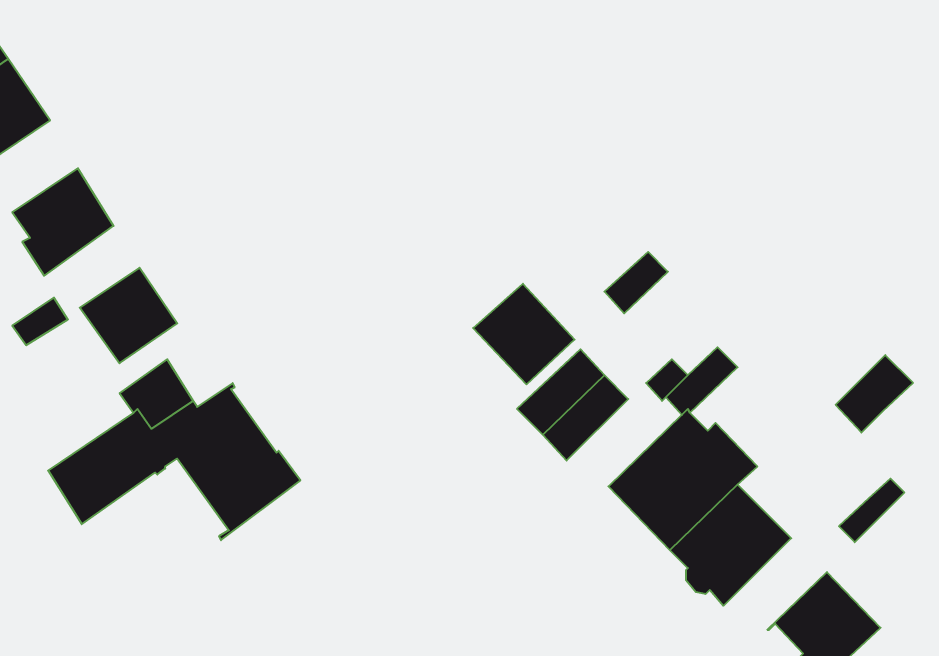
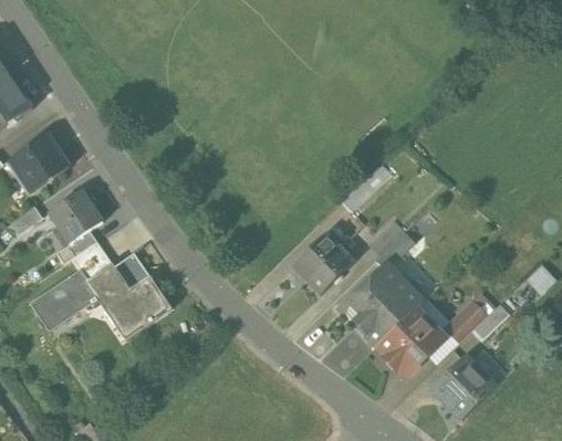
building: [473,284,575,384] -> none
building: [836,355,913,433] -> [444,300,487,343]

